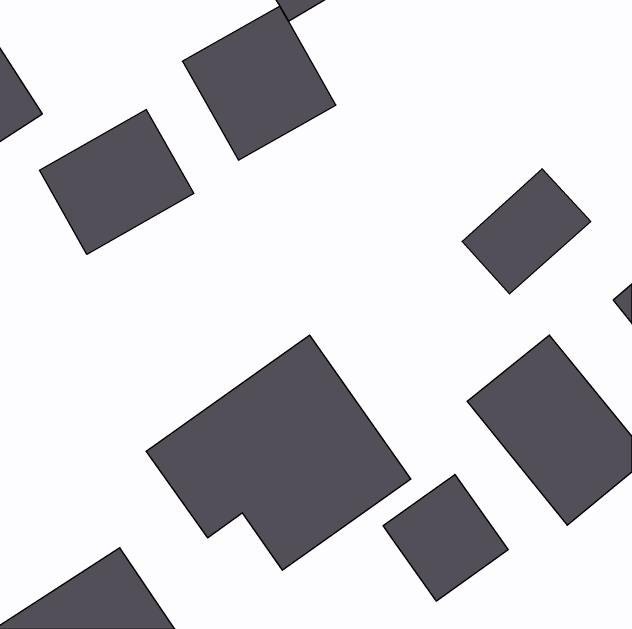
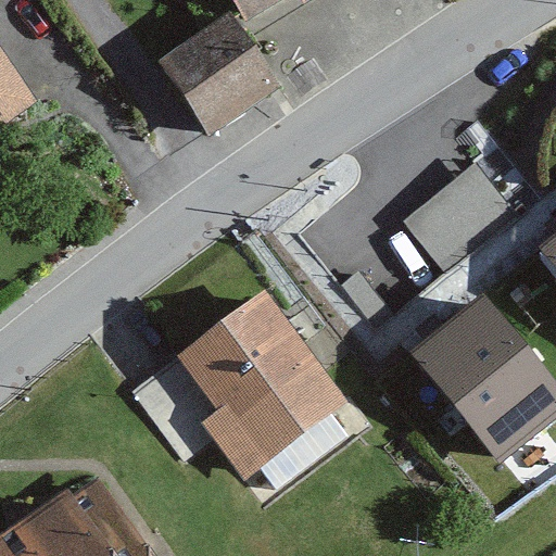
building: [39,109,194,254] -> none
building: [383,474,508,601] -> none

